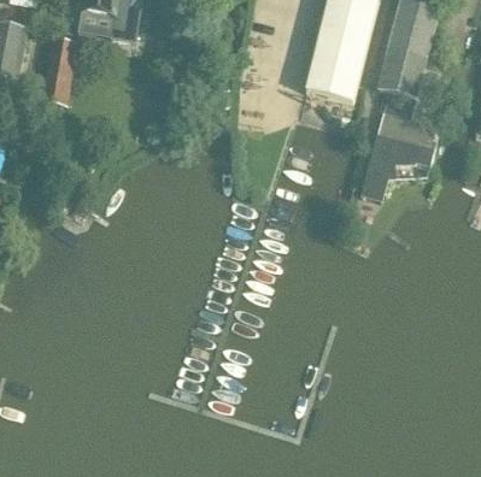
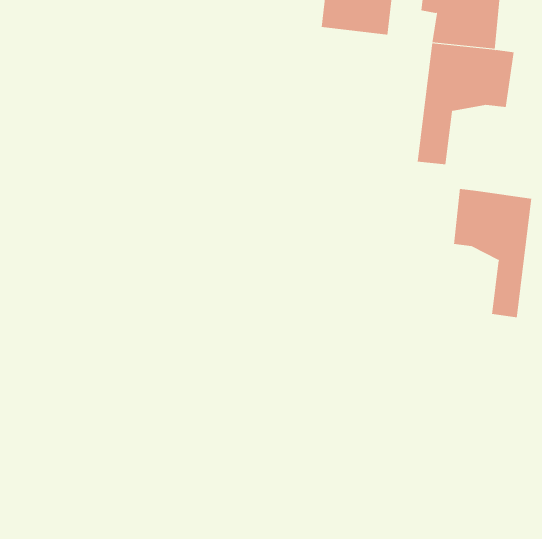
building: none -> [453,188,532,318]

